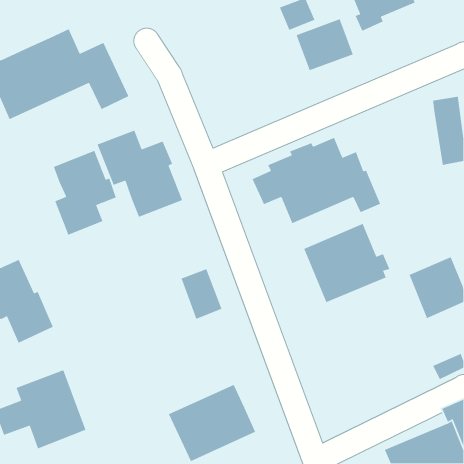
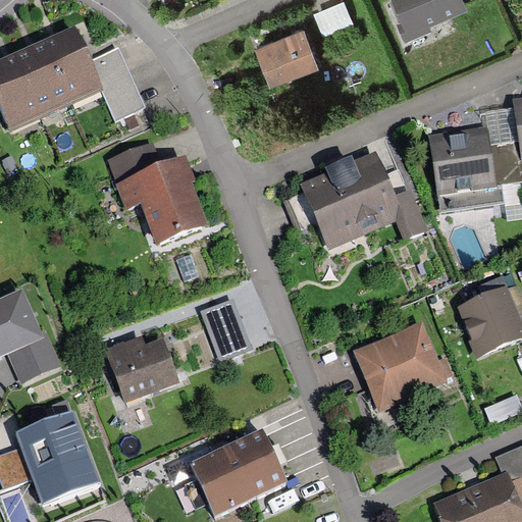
building: [296,18,354,71] -> [254,20,319,80]
building: none -> [428,126,502,210]
building: [53,150,117,236] -> none
building: [303,223,391,303] -> [353,323,451,413]
building: none -> [106,336,178,403]

